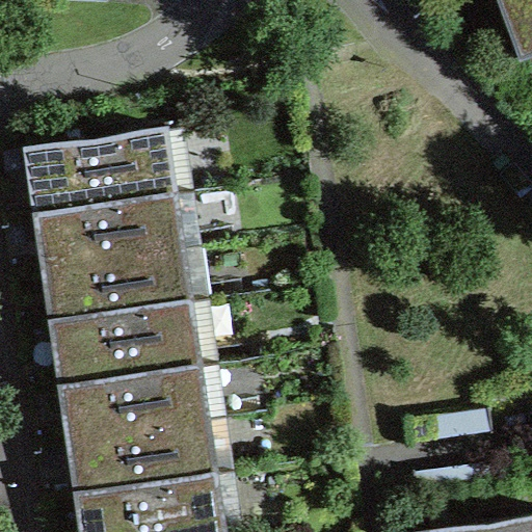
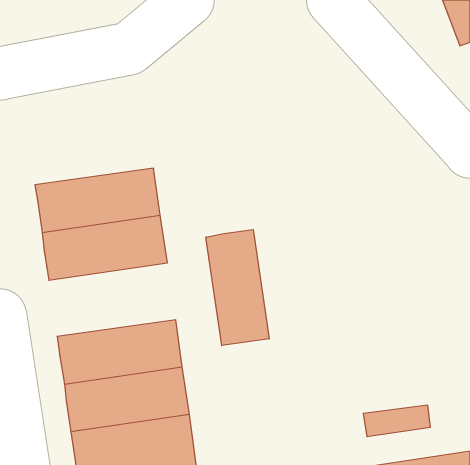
building: [30,129,174,214] -> none
building: none -> [206,230,269,346]
building: [55,302,198,385] -> none

